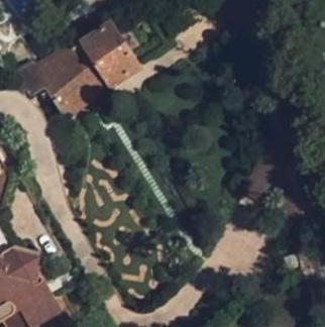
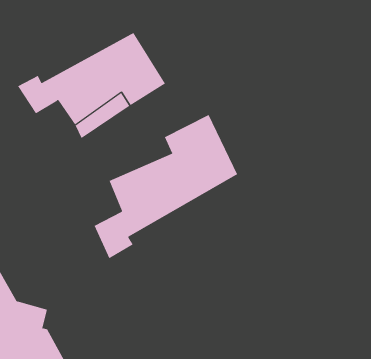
building: none -> [94,114,238,259]

